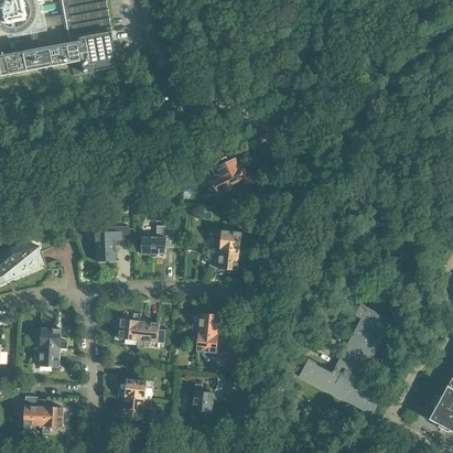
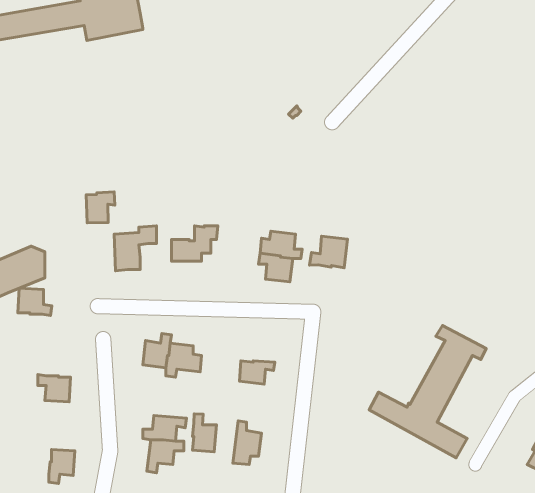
building: [209,155,242,191] -> none
building: none -> [86,192,115,223]
building: none -> [309,236,347,268]
building: [191,312,225,335] -> none
building: [40,326,67,348] -> [18,288,52,315]
building: none -> [193,414,216,452]
building: [23,396,45,432] -> none

